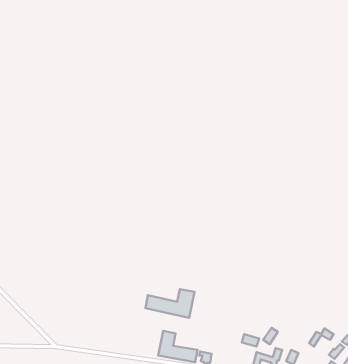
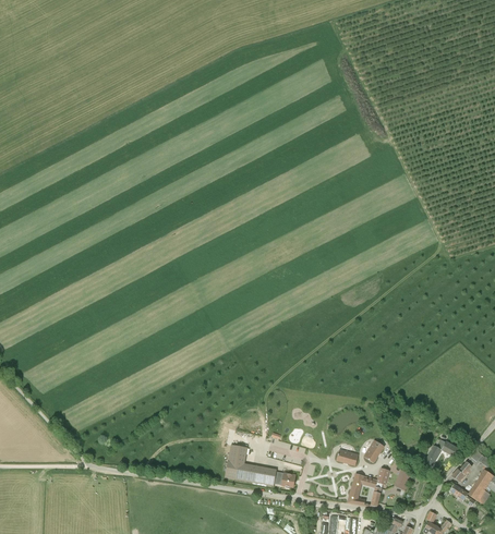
building: [145,289,194,318] -> none

